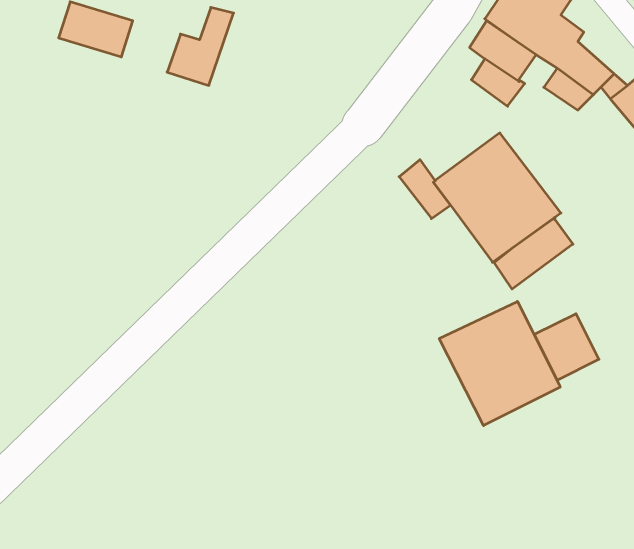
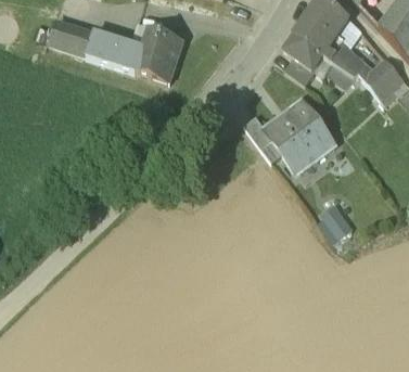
building: none -> [133,29,182,82]
building: none -> [84,34,117,64]
building: [494,217,573,289] -> none
building: [439,301,560,426] -> none

